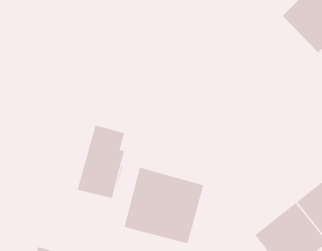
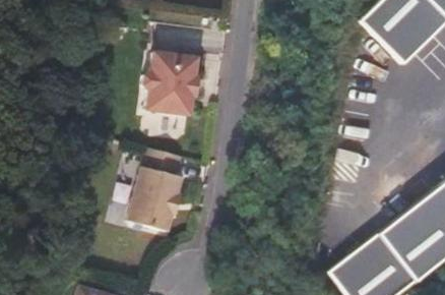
building: none -> [146,52,196,115]
building: [124,167,204,244] -> none

